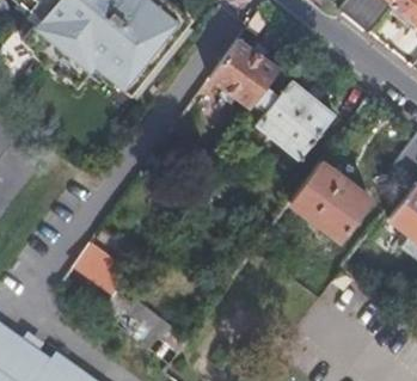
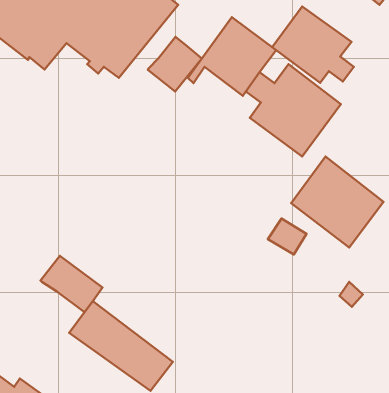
building: none -> [272,7,354,83]
building: none -> [148,37,202,91]

